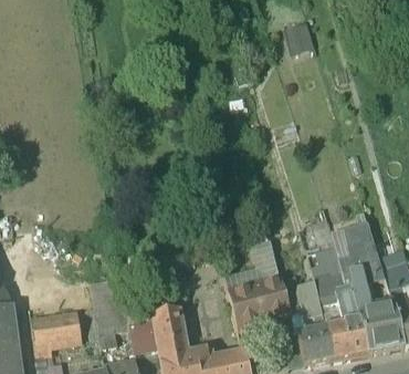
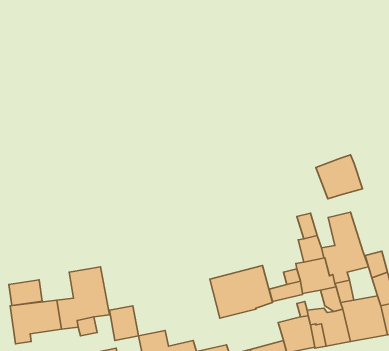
building: [285,21,314,51] -> none
building: none -> [316,155,363,199]
building: [223,238,280,289] -> none
building: none -> [9,280,42,306]
building: [151,309,183,345] -> none

